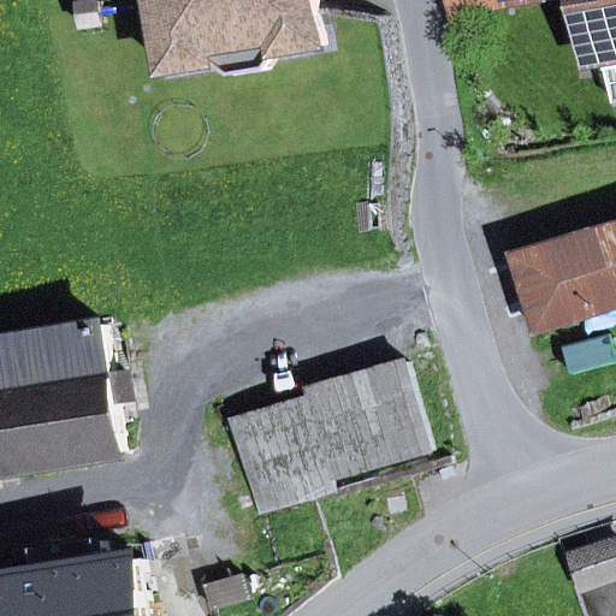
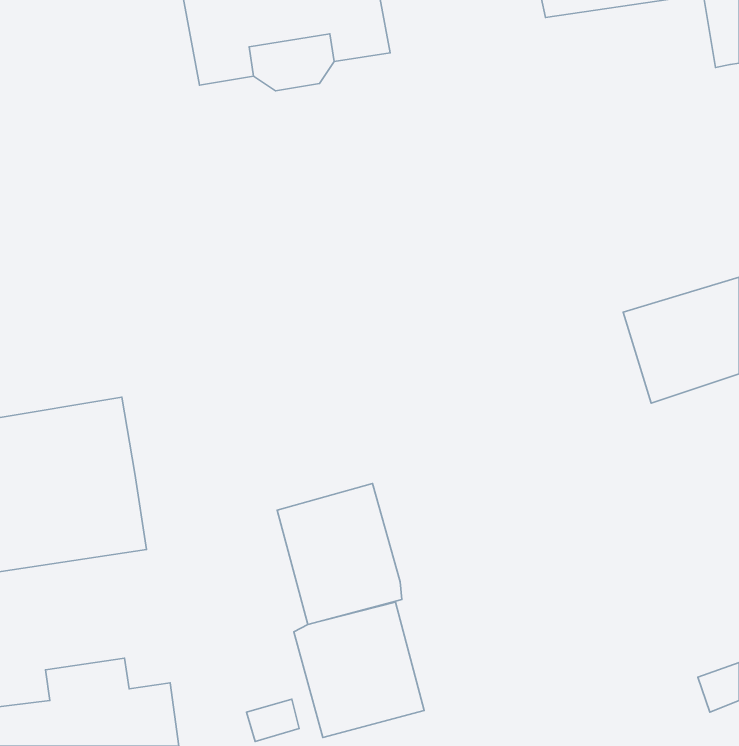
building: [303,361,430,478] -> none
building: none -> [294,602,424,738]

